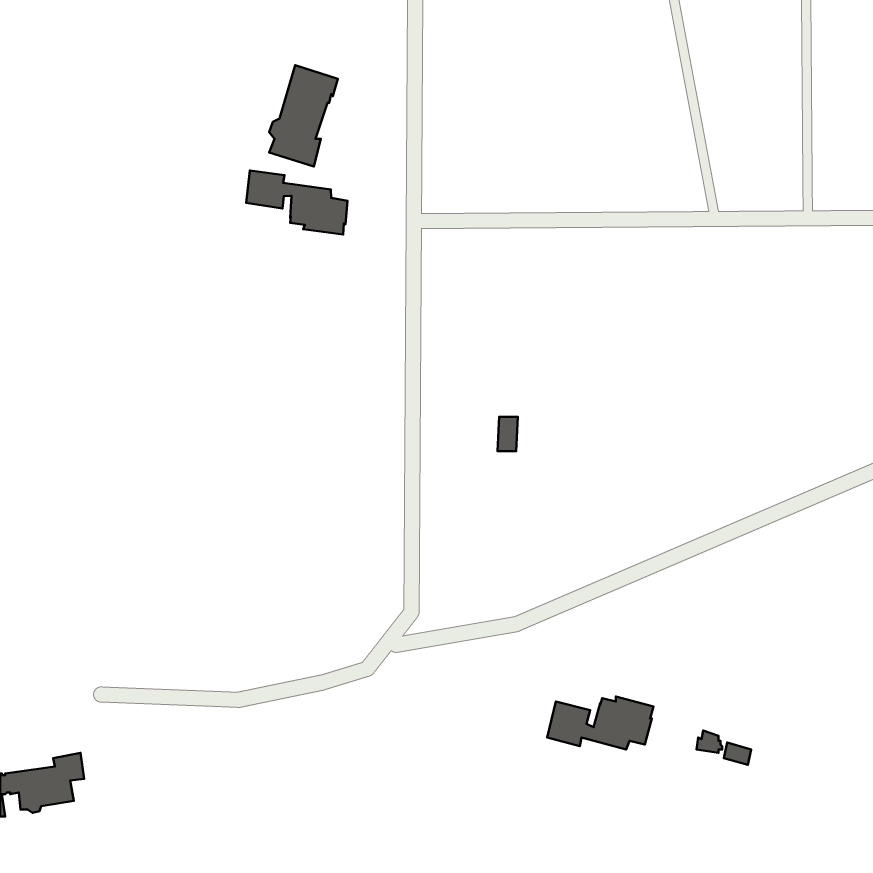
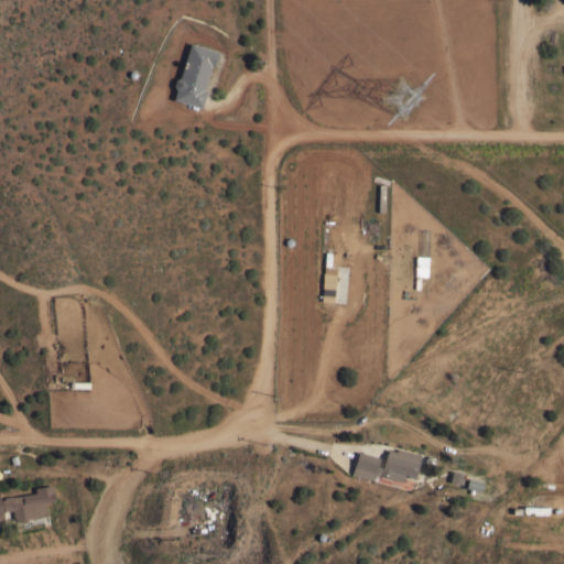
building: [246,170,347,235] -> none

